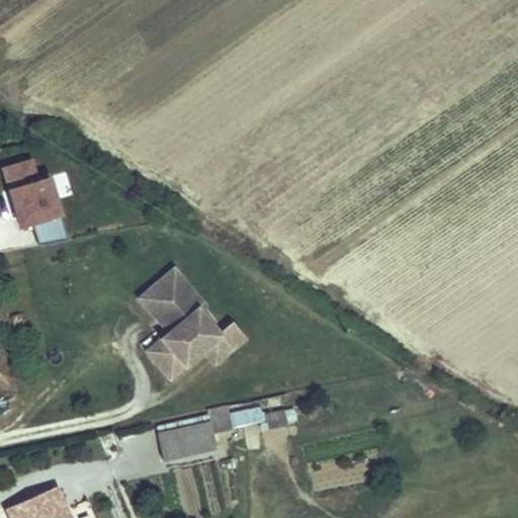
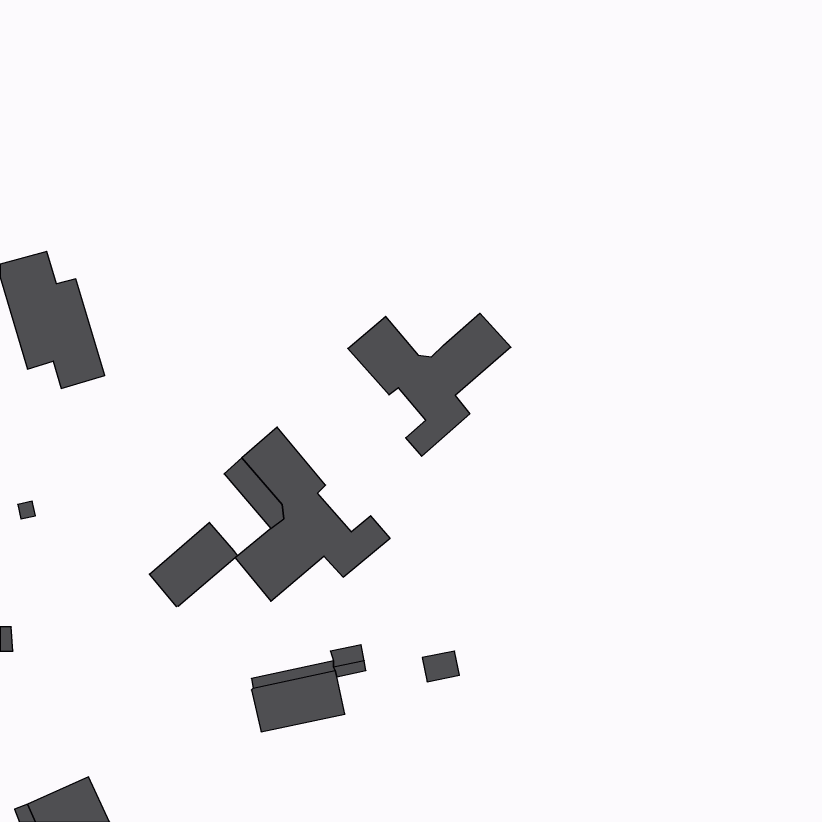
building: none -> [348,313,511,456]
building: none -> [149,522,238,607]

